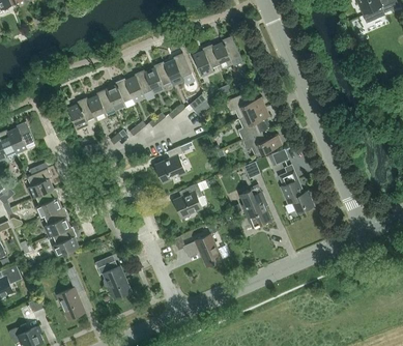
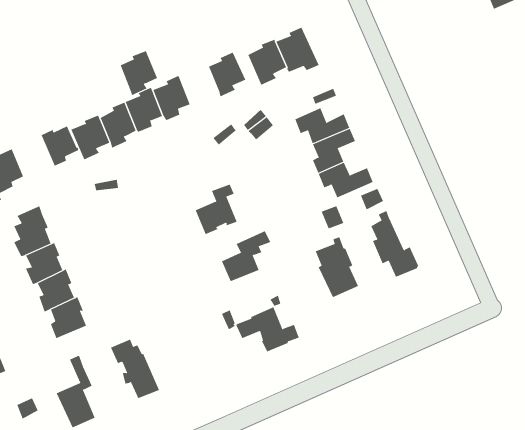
building: [145,61,172,93] -> [120,50,158,96]
building: none -> [41,125,79,167]

